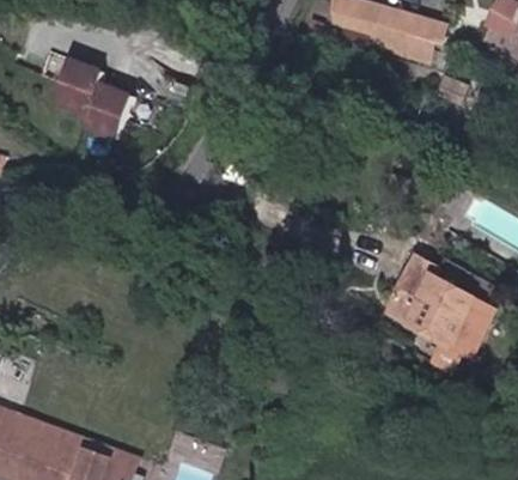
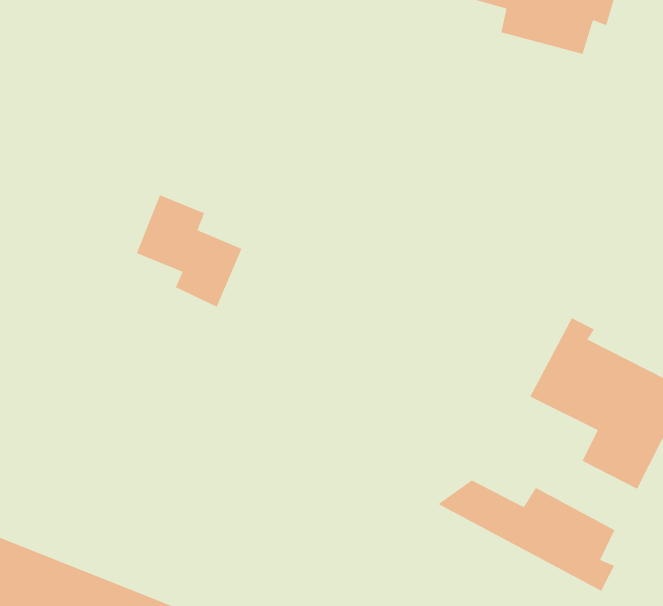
building: [51,56,127,136] -> [136,194,242,308]
building: none -> [437,480,616,592]

